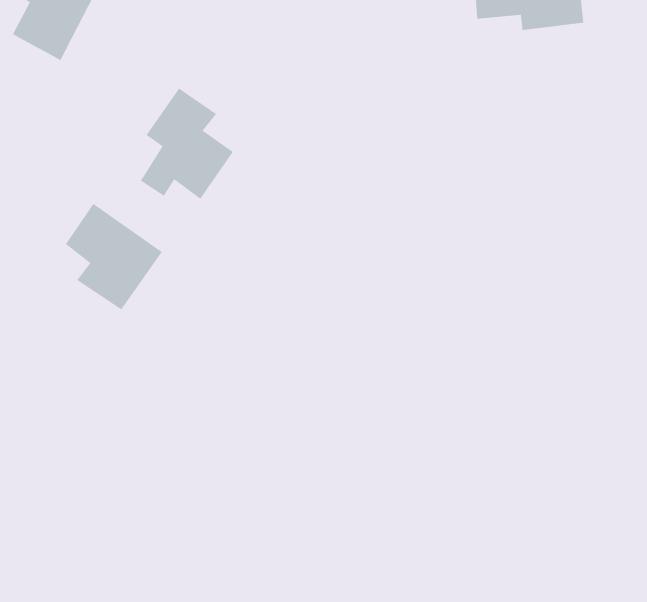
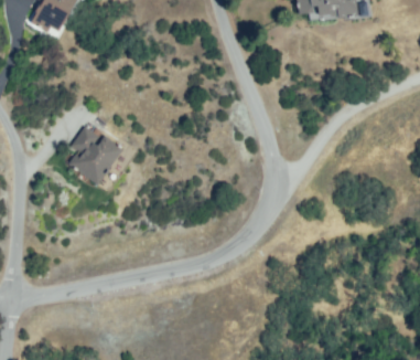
building: [140,87,234,200] -> none

